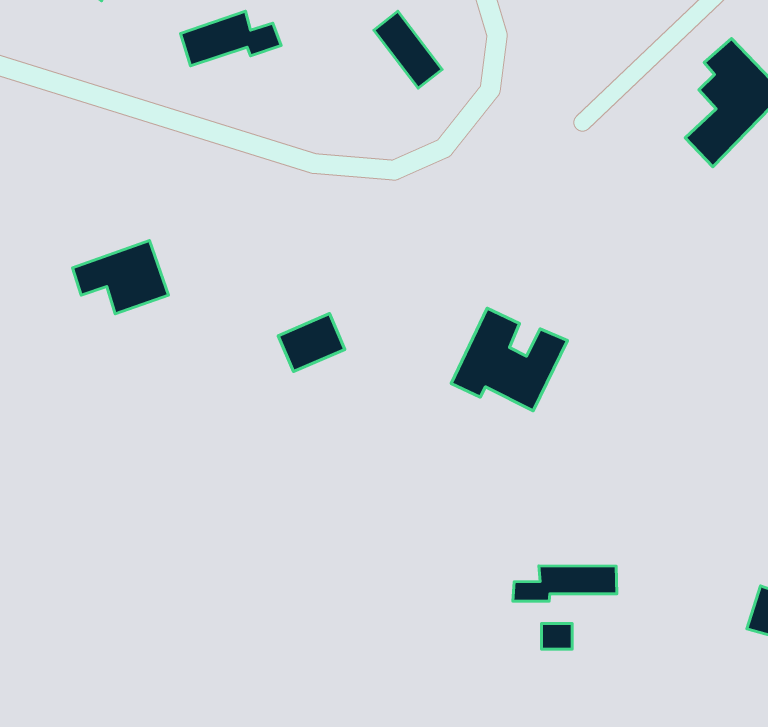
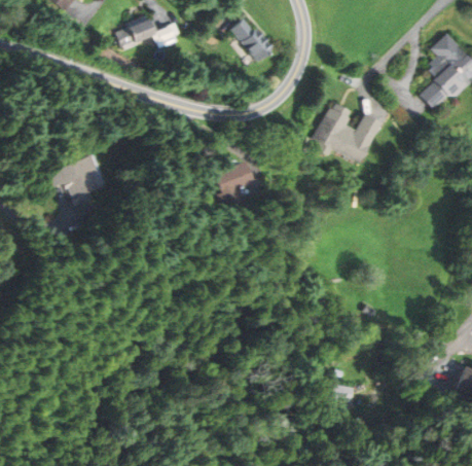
building: [451,308,568,411] -> [312,101,382,163]
building: [278,313,345,372] -> [220,159,260,194]
building: [513,566,617,601] -> none

